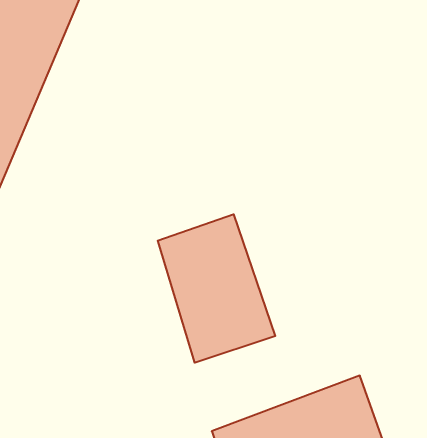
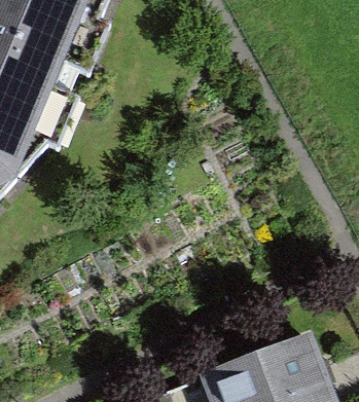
building: [158,214,275,363] -> none

